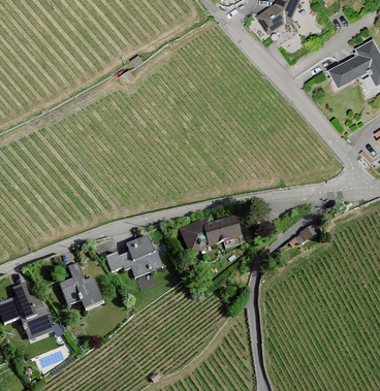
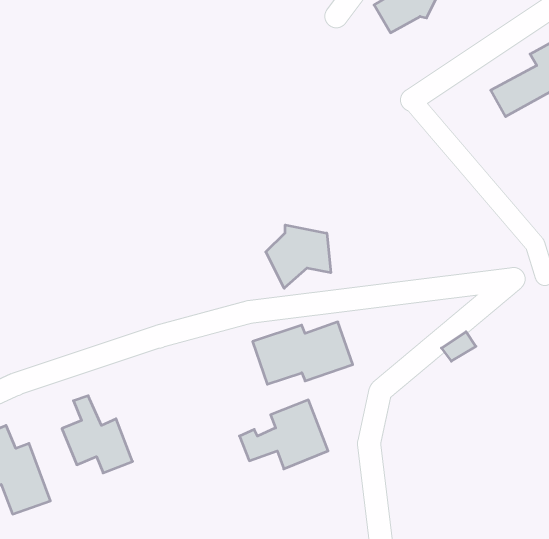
building: none -> [266,225,331,288]
building: [106,234,162,278] -> [239,400,328,469]

